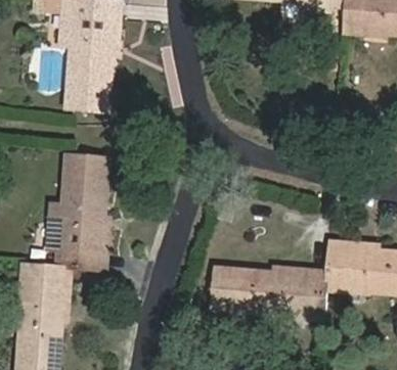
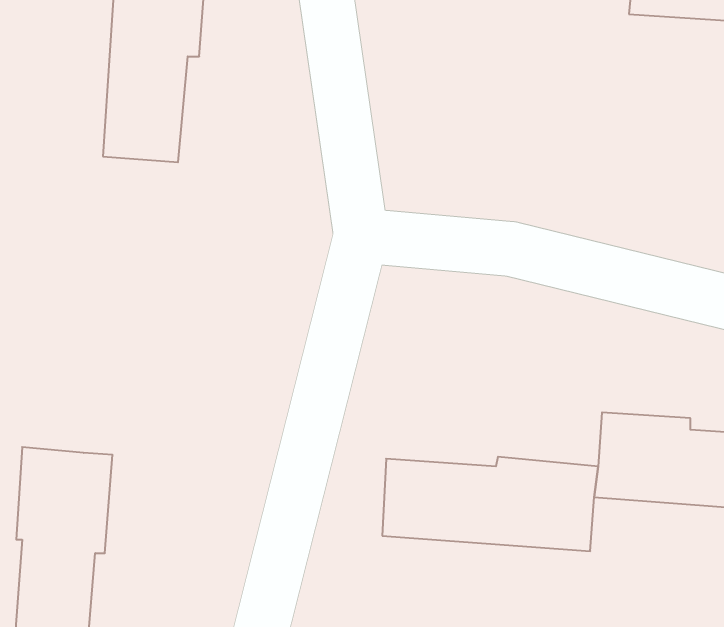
building: [46,152,106,268] -> none

